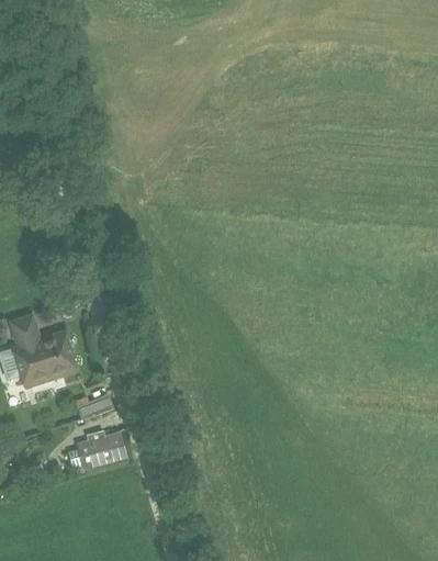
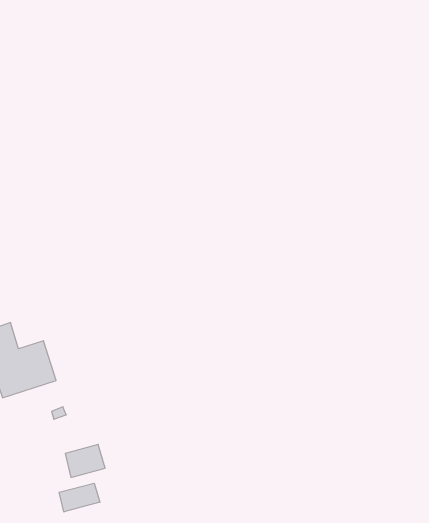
building: none -> [59,483,100,512]

